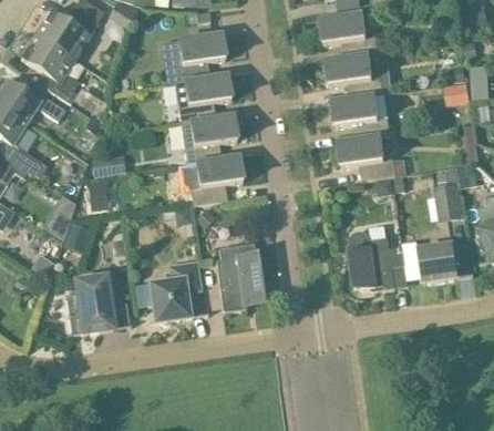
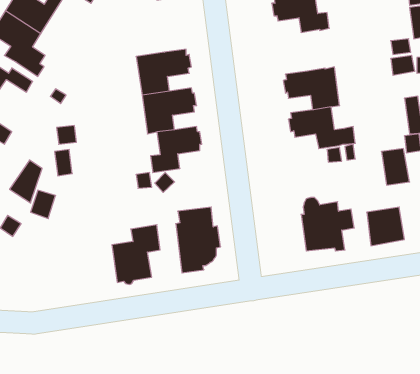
building: [172,32,226,81] -> none
building: [325,52,384,96] -> none
building: [64,276,123,333] -> none

